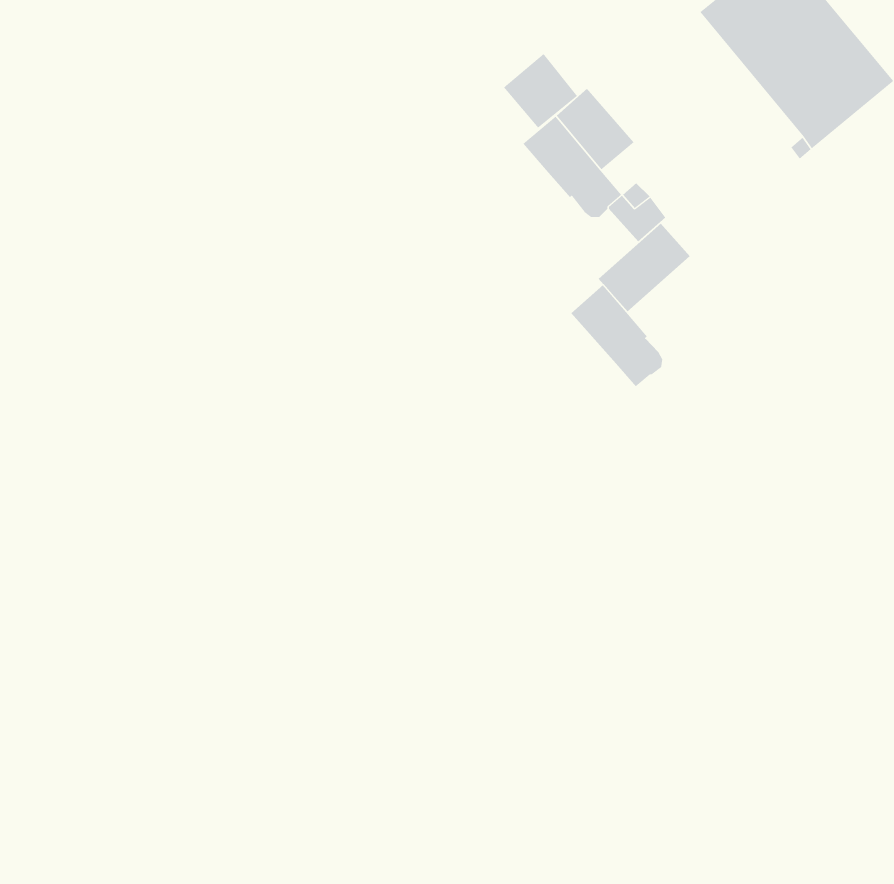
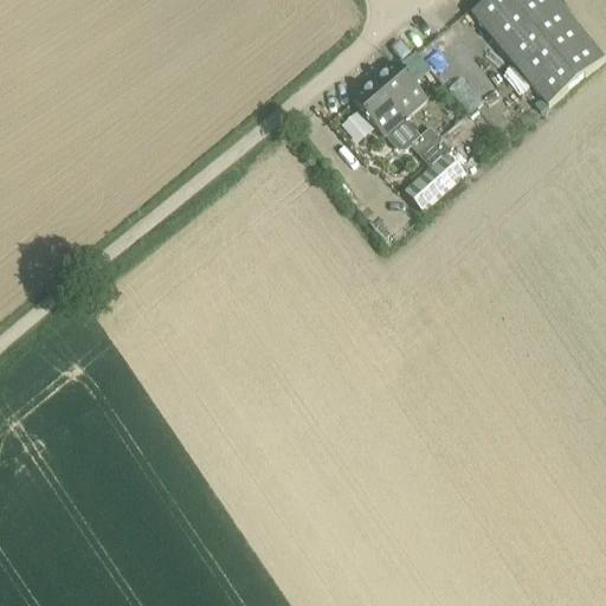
building: [503,53,578,128] -> none
building: [570,284,663,387] -> none

